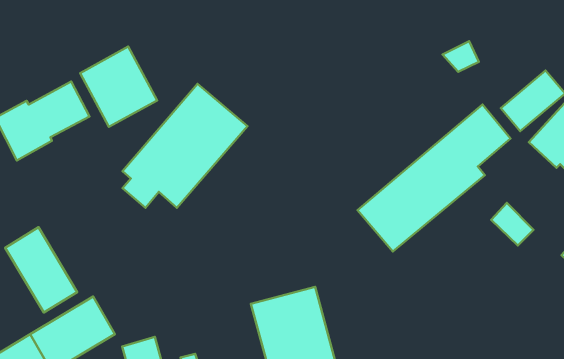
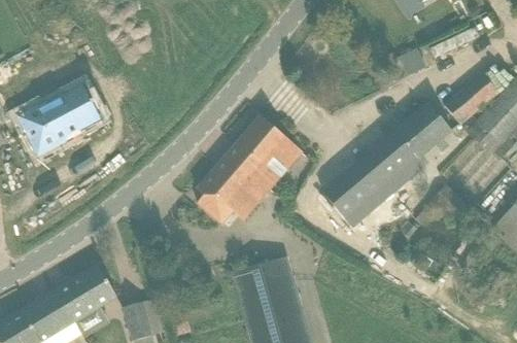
building: [80,47,157,127] -> none
building: [122,84,247,208] -> [197,116,303,221]
building: [5,227,77,313] -> none

